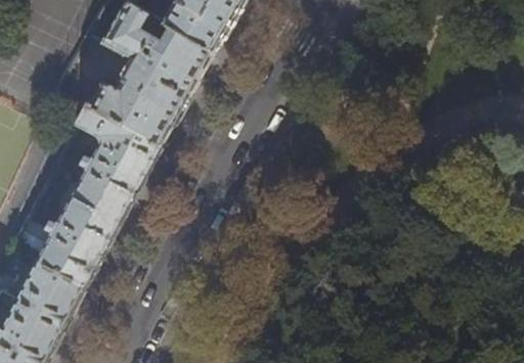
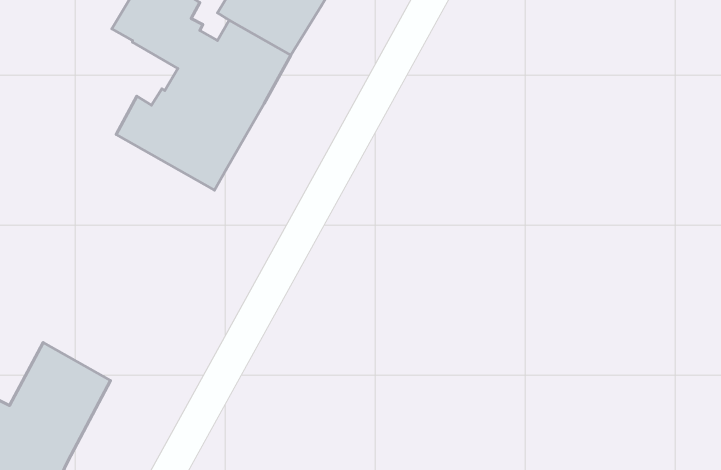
building: [41,101,161,276] -> none

